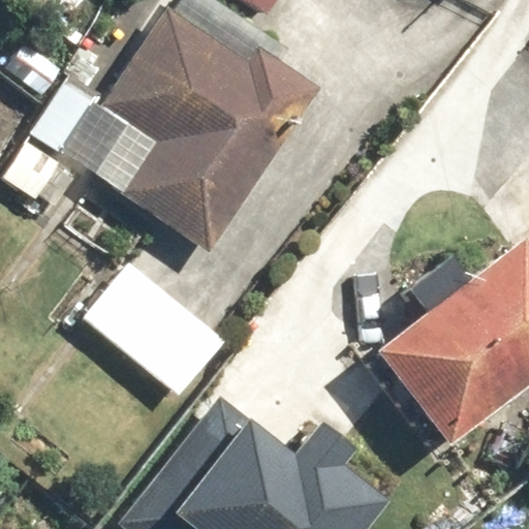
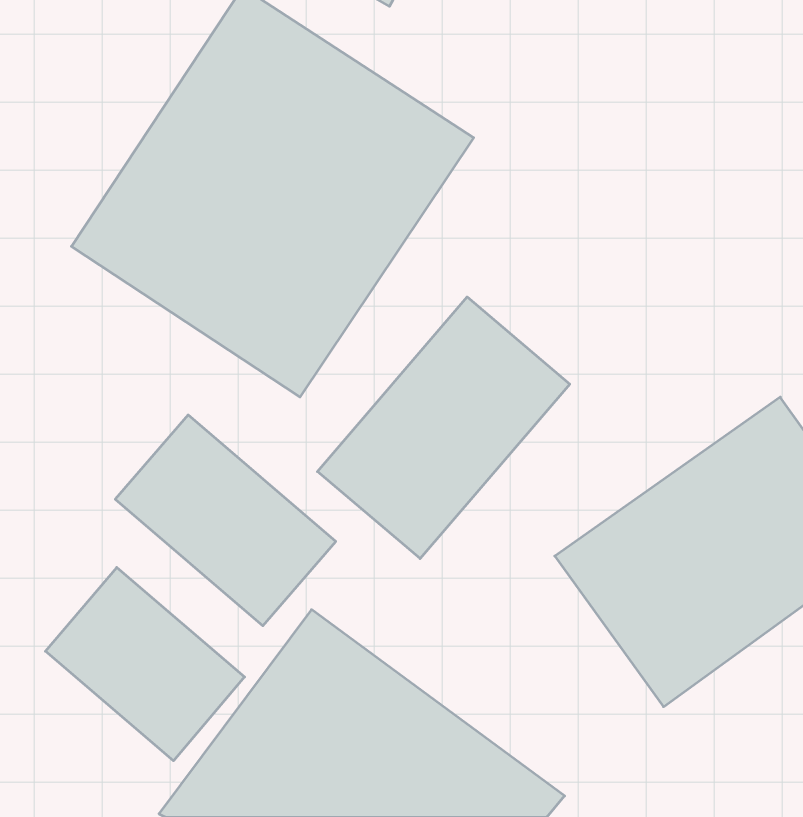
building: none -> [317,297,570,559]
building: none -> [45,567,245,761]

